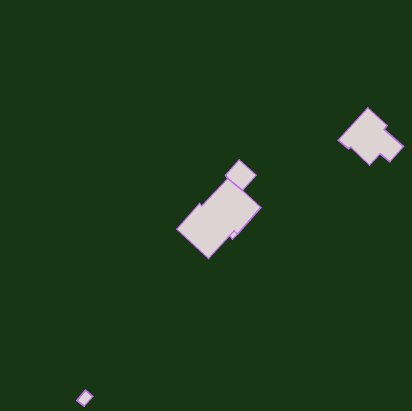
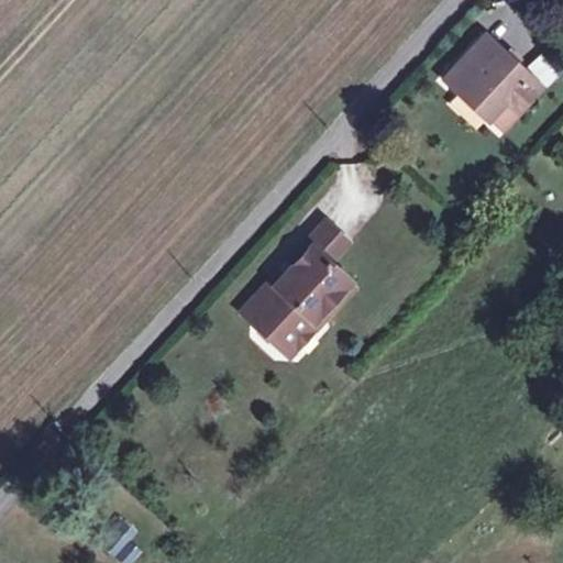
building: [338,108,403,165] -> [445,36,534,114]

